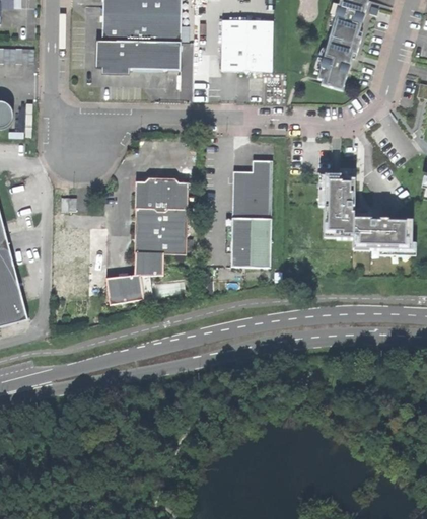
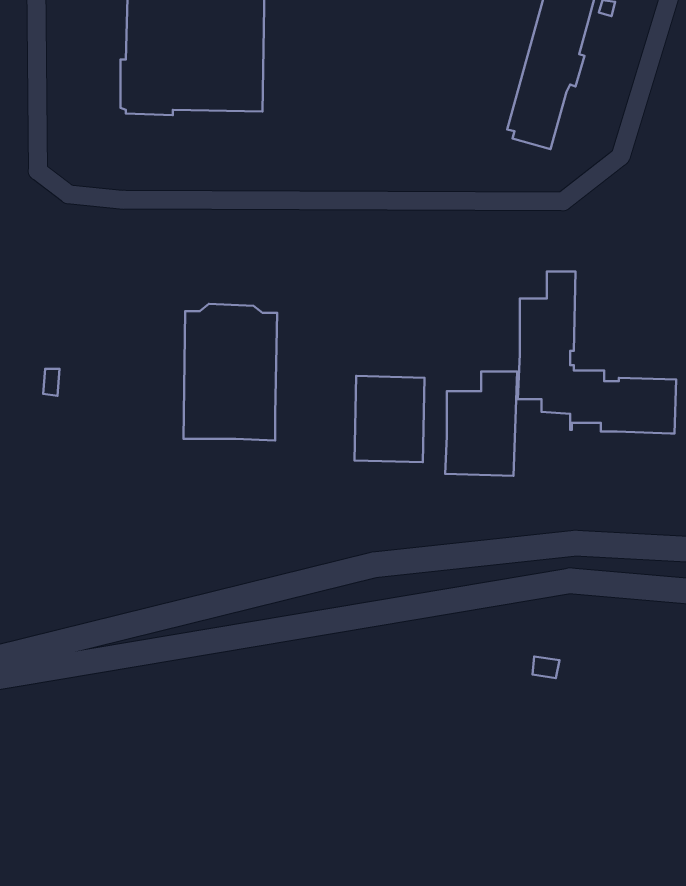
building: [220,19,271,74] -> none
building: [231,159,272,218] -> [445,371,517,476]
building: [106,252,163,303] -> none

